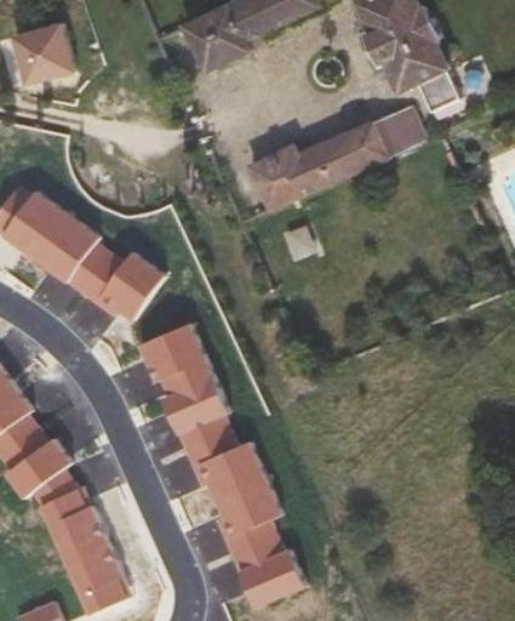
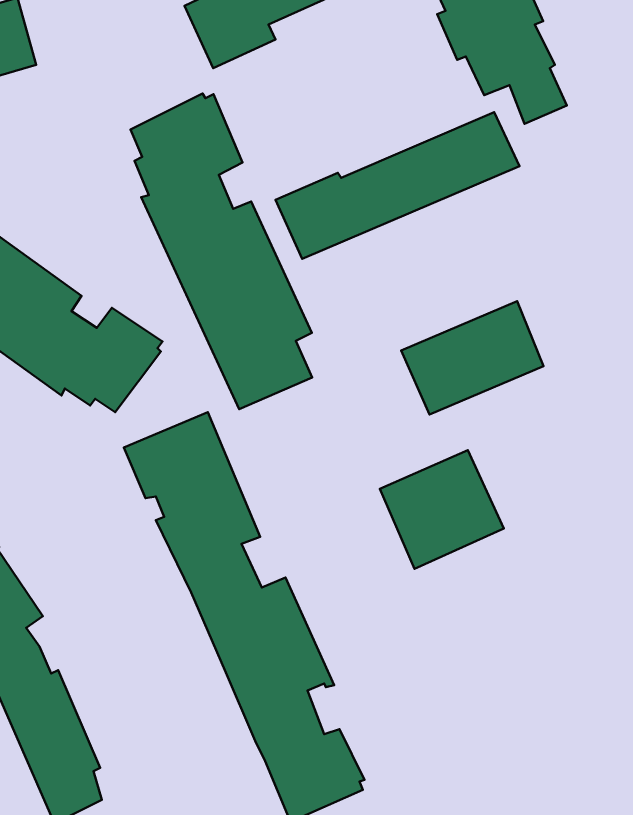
building: none -> [131,93,312,409]
building: none -> [401,301,544,414]
building: none -> [380,450,504,569]

